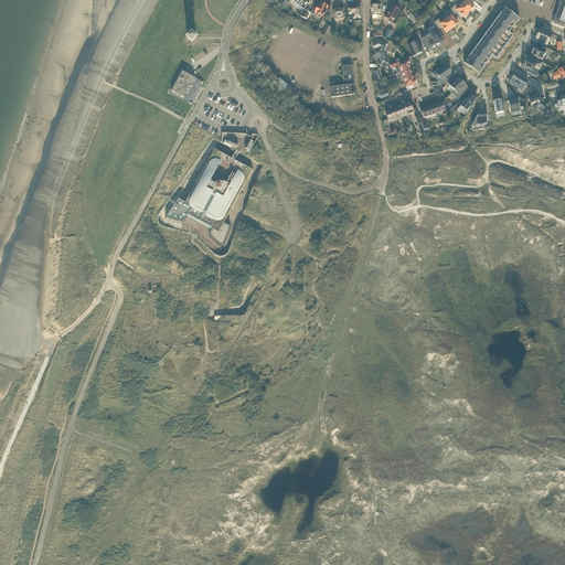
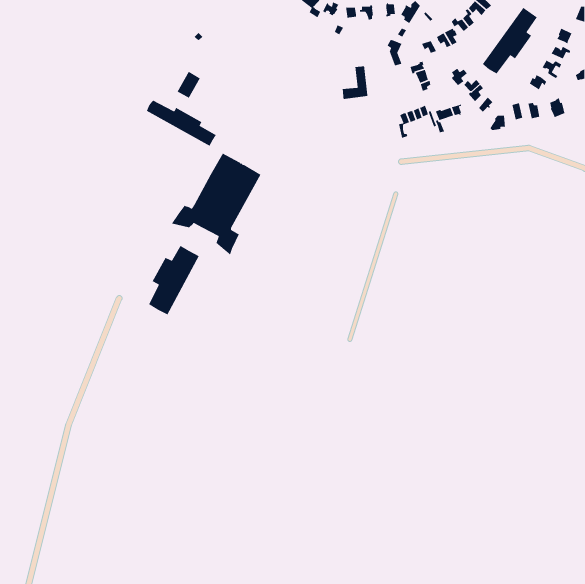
building: none -> [146,99,217,147]
building: none -> [148,245,200,315]

